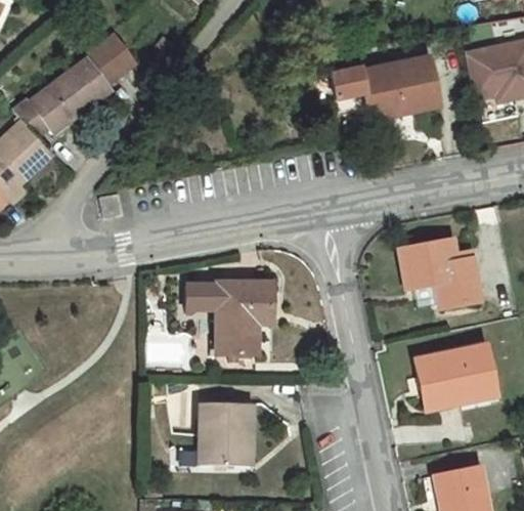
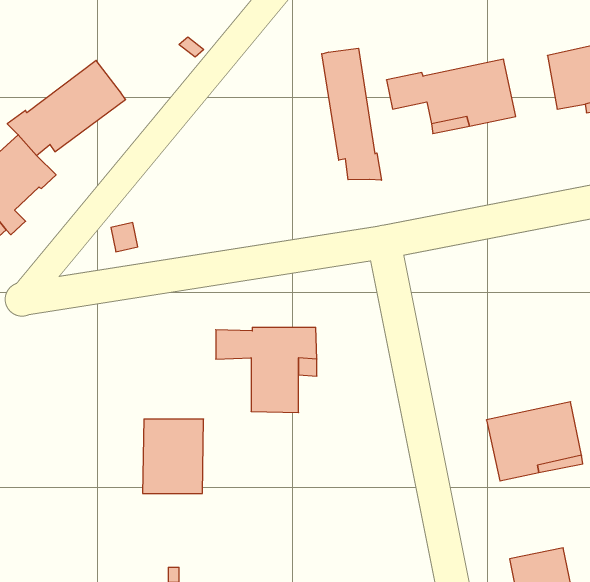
building: [86,33,136,83] -> none
building: none -> [322,48,381,180]
building: [399,239,479,307] -> none
building: [201,401,252,464] -> [143,419,204,493]

